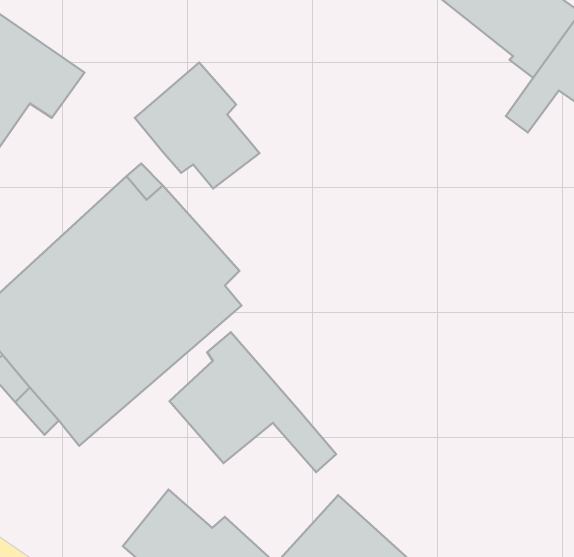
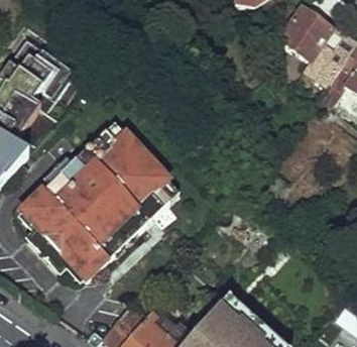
building: [135,62,260,189] -> none
building: [170,332,336,472] -> none

